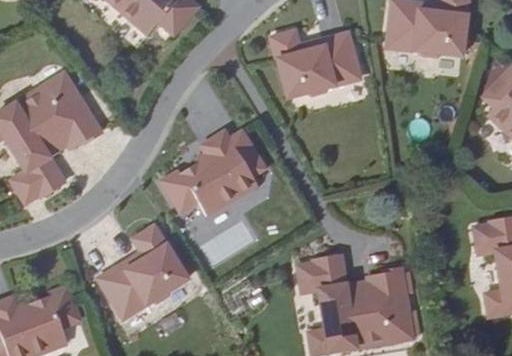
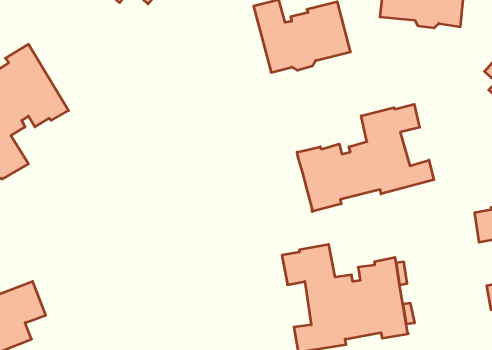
building: none -> [297,104,434,212]
building: [163,131,265,216] -> none
building: [98,226,187,318] -> none

